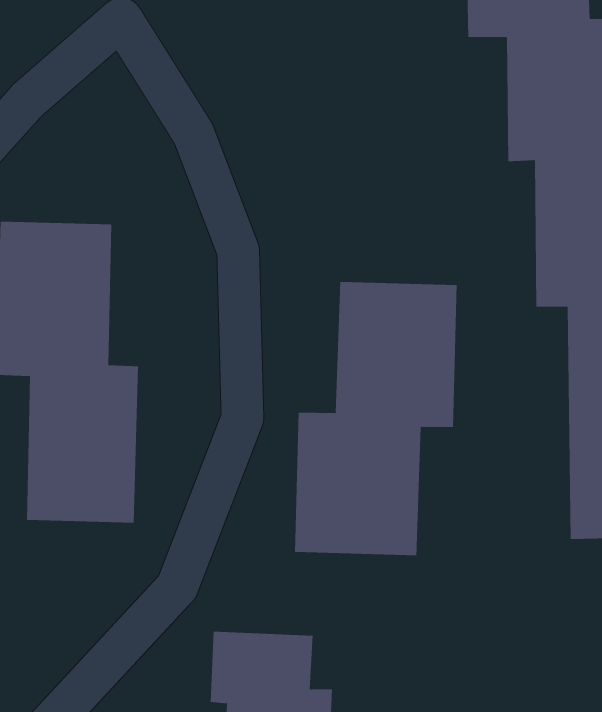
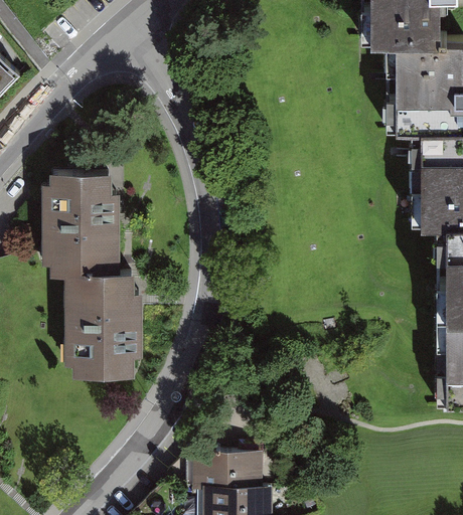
building: [295,281,457,556] -> none

